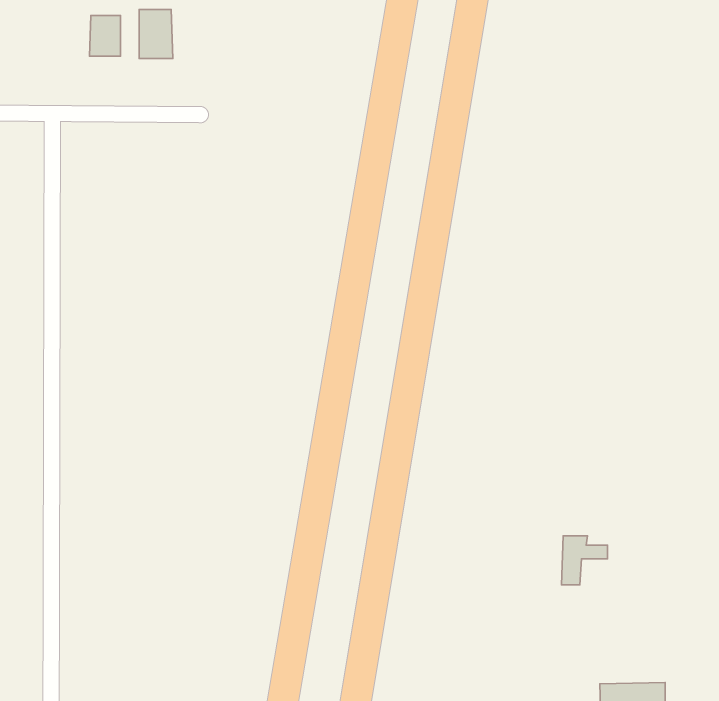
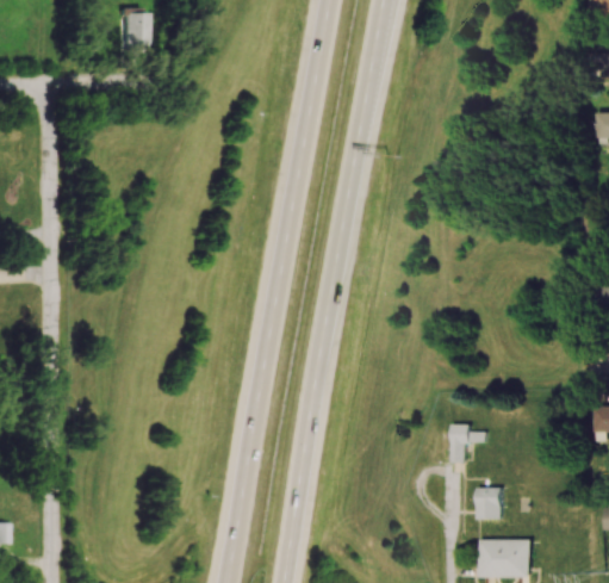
building: [90,15,120,56] -> none
building: none -> [476,488,502,520]

